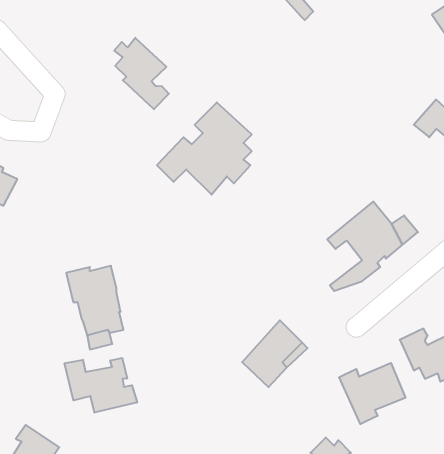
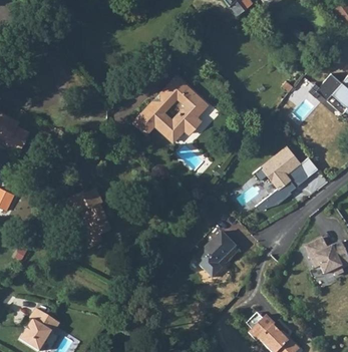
building: [114,38,169,109] -> none
building: [65,358,137,413] -> none
building: [339,363,405,424] -> none

